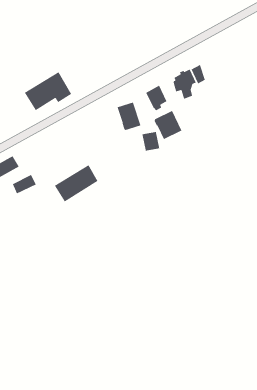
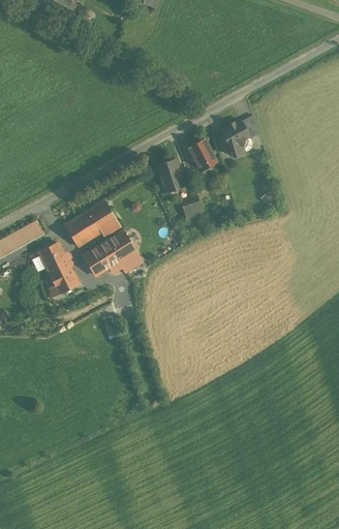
building: [24,71,72,111] -> [64,200,120,247]
building: [154,110,182,140] -> none
building: none -> [39,255,78,293]

